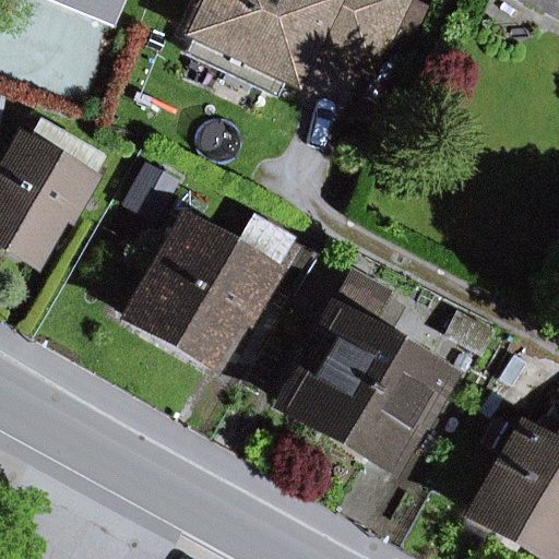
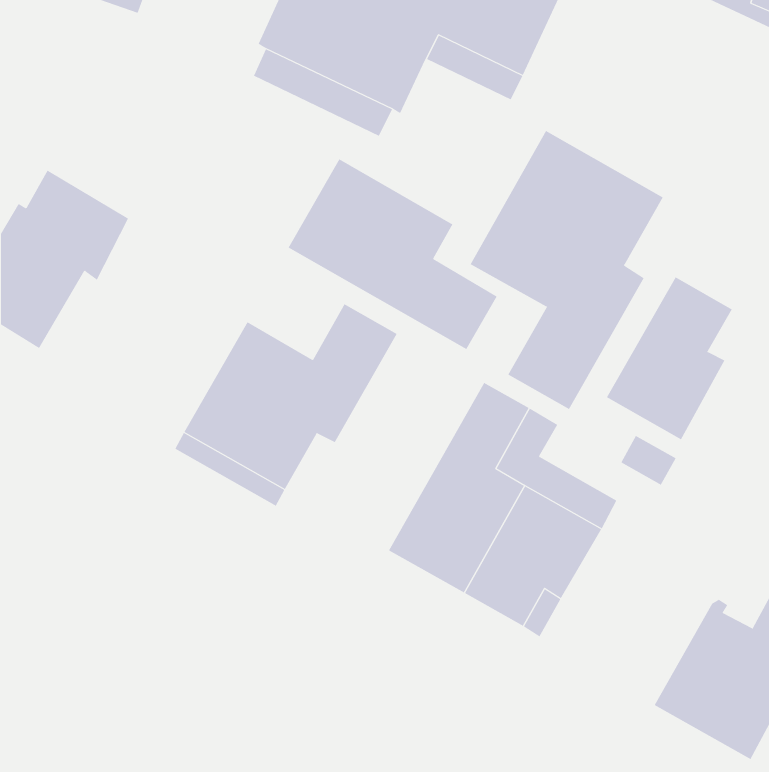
building: none -> [470,130,663,410]
building: none -> [288,159,497,350]
building: none -> [606,276,733,440]

